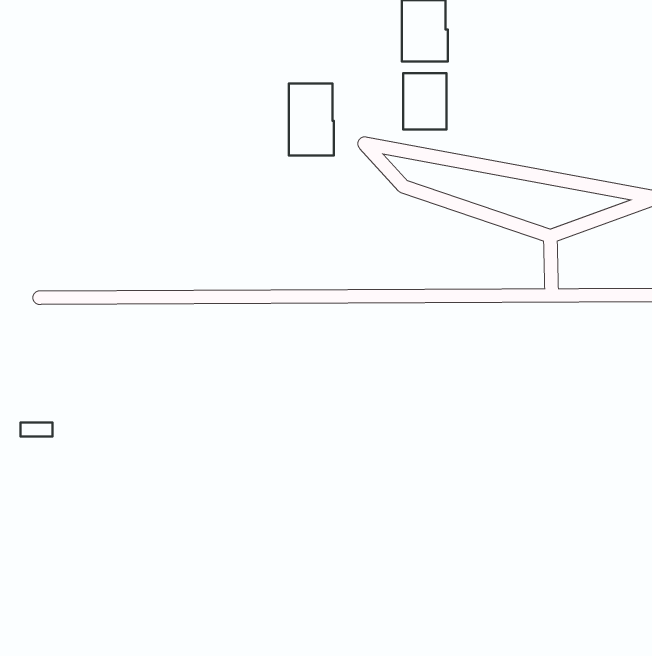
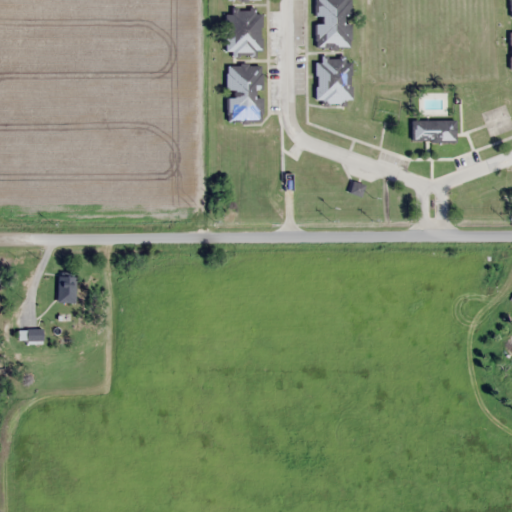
building: none -> [227,9,263,54]
building: none -> [412,120,456,141]
building: none -> [58,276,77,302]

